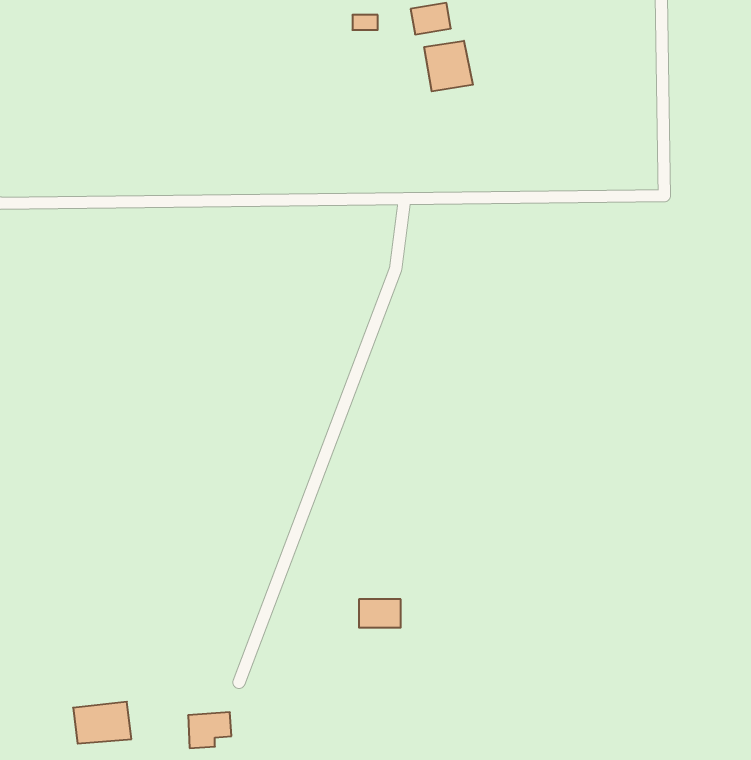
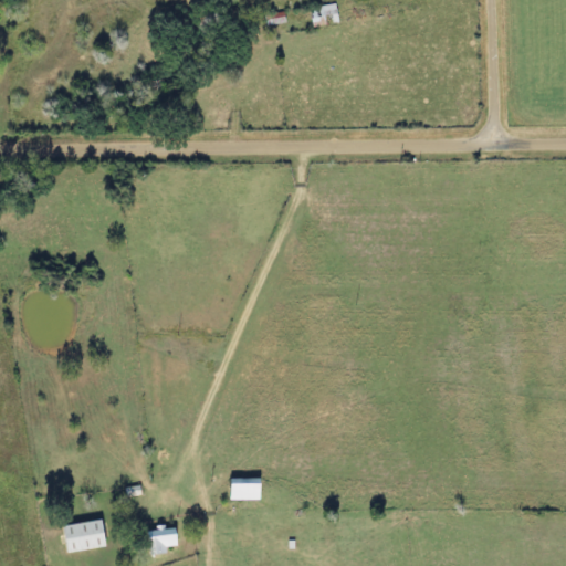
building: [424,41,473,91] -> none
building: [359,599,401,628] -> [230,478,261,499]

